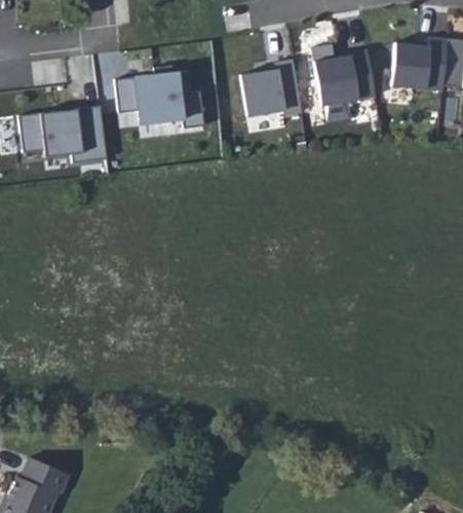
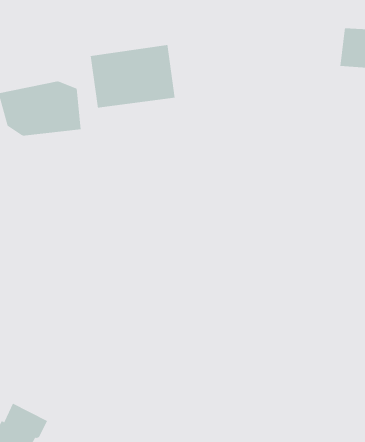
building: [310,47,379,113] -> none
building: [238,59,303,121] -> none

